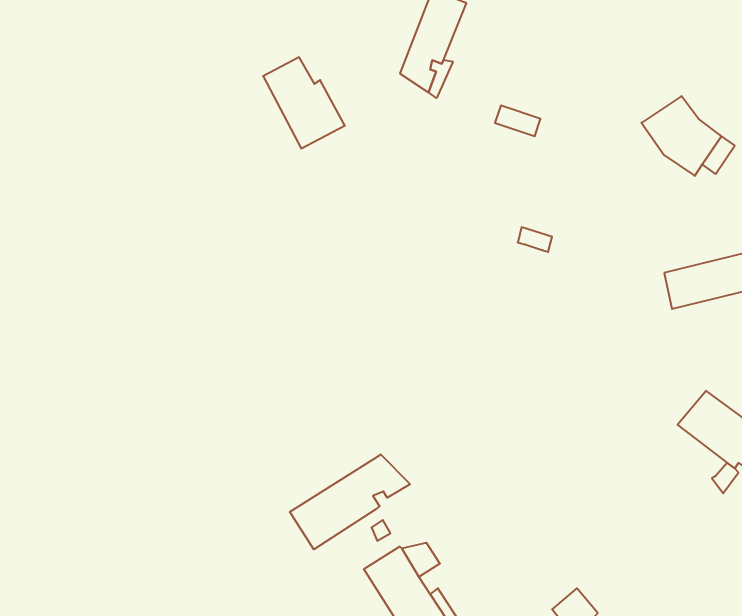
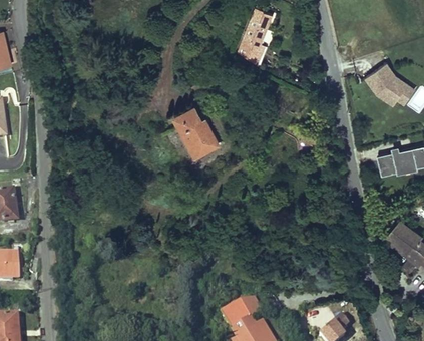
building: [263,57,345,148] -> [175,109,219,157]
building: [290,454,410,549] -> none

